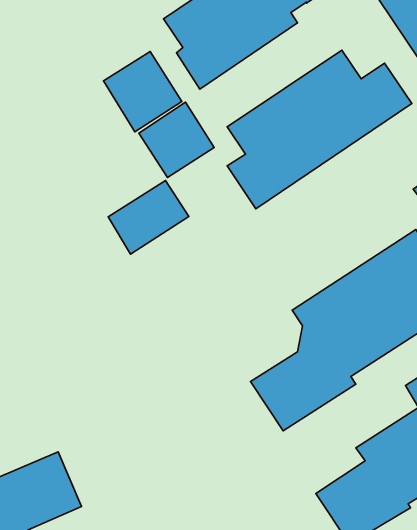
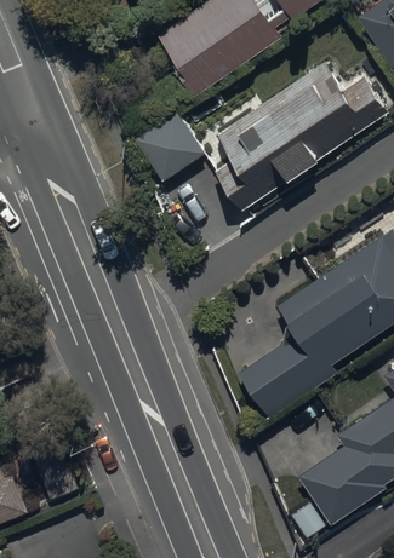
building: [104,51,182,132] -> none
building: [108,180,189,254] -> none

